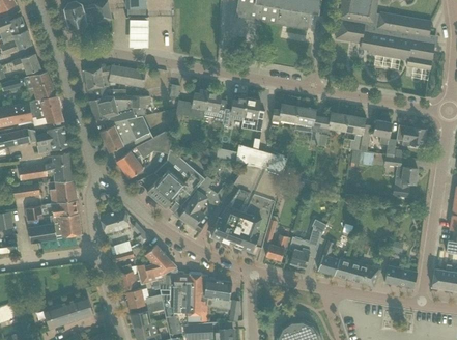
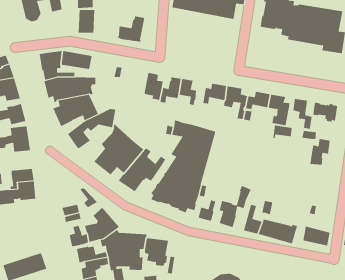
building: [176,89,208,119] -> [117,16,145,42]
building: [50,180,77,203] -> none
building: [99,209,130,234] -> none

